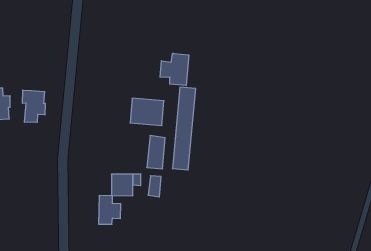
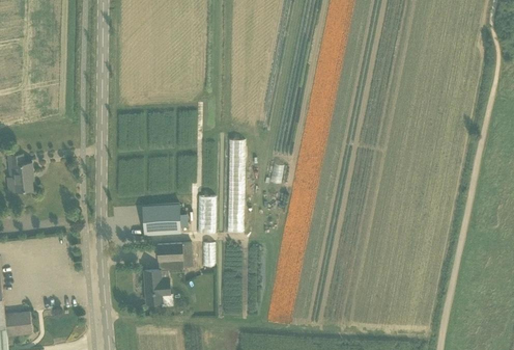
building: [160,53,189,86] -> none
building: [23,90,45,122] -> none
building: [130,98,164,126] -> [143,205,180,234]

